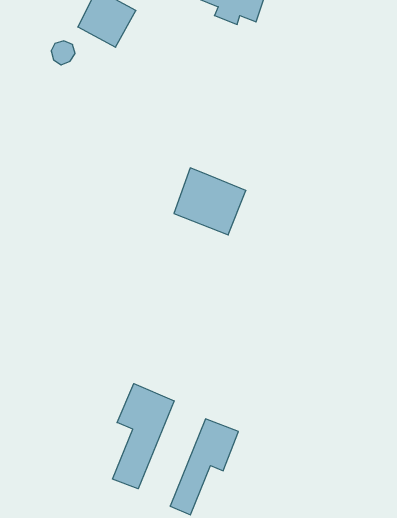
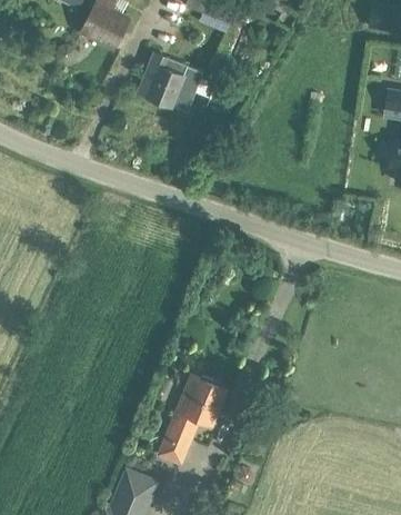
building: [174,168,246,235] -> [139,52,202,111]
building: [113,384,174,489] -> none

